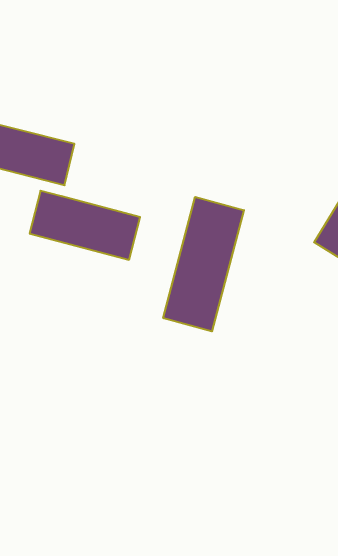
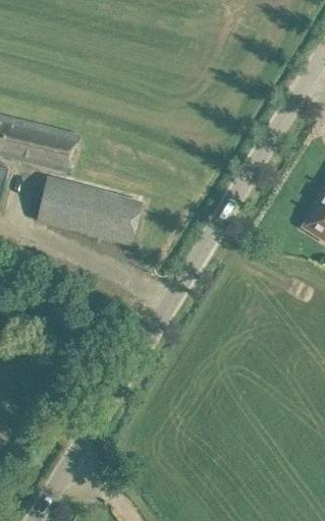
building: [163,197,244,331] -> none

